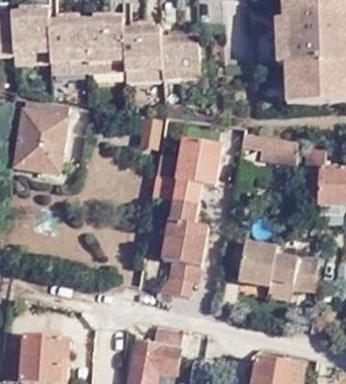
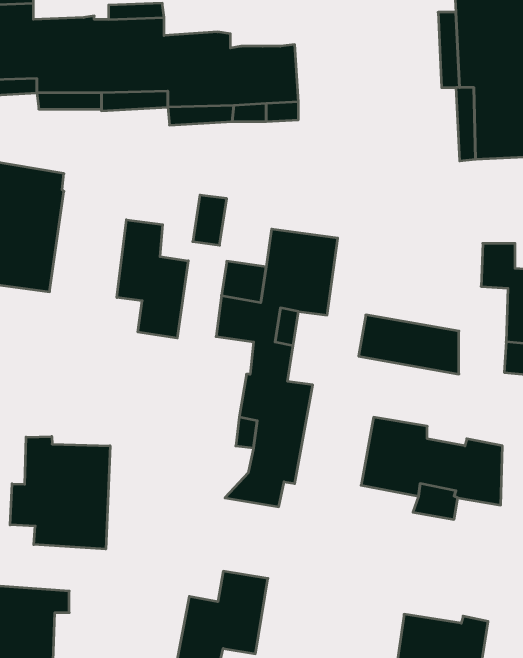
building: none -> [117,220,188,338]
building: [239,132,295,166] -> [359,315,459,374]
building: none -> [10,436,110,549]

